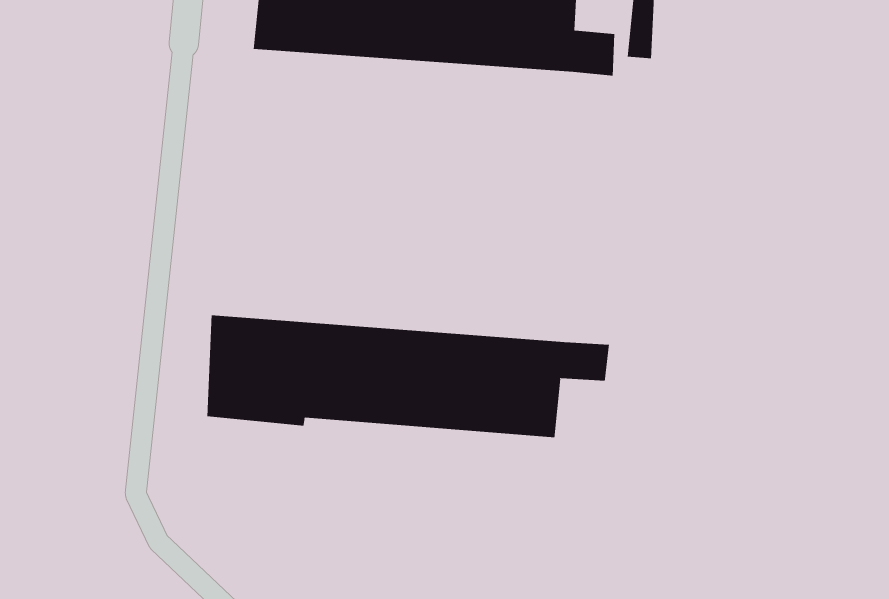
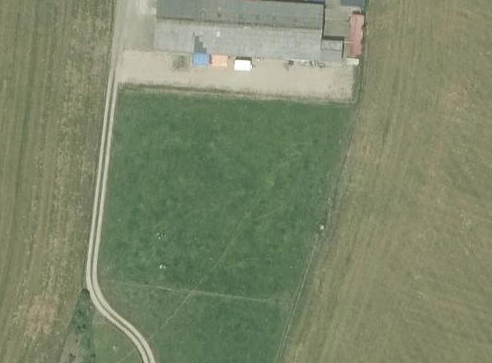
building: [207,314,609,438] -> none

